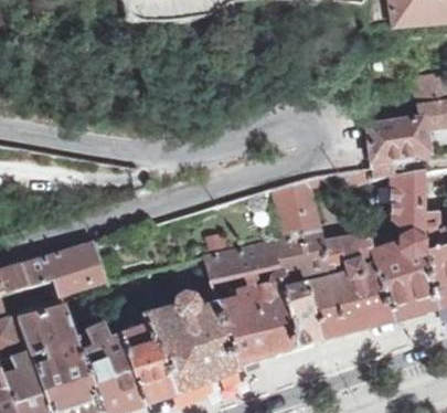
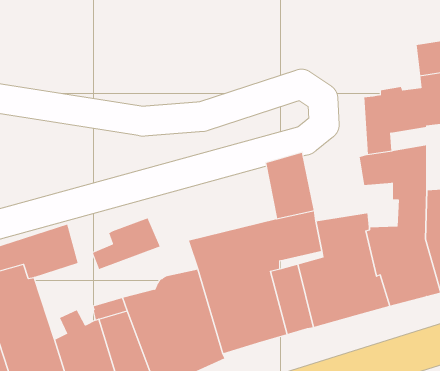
building: none -> [92,217,160,270]

